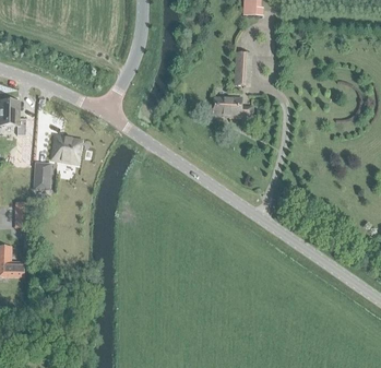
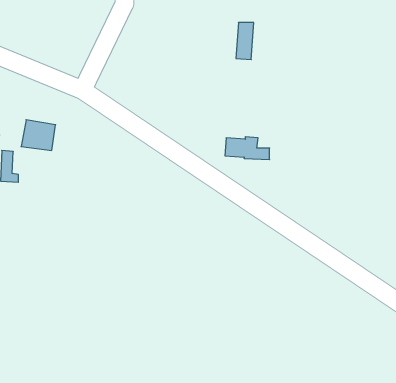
building: [213,96,251,116] -> [225,137,270,160]

